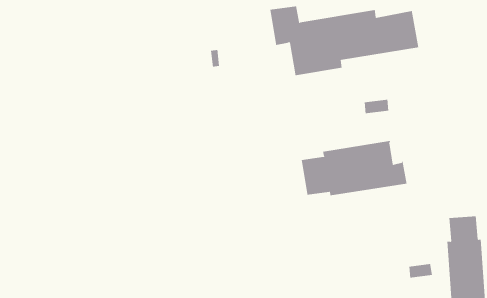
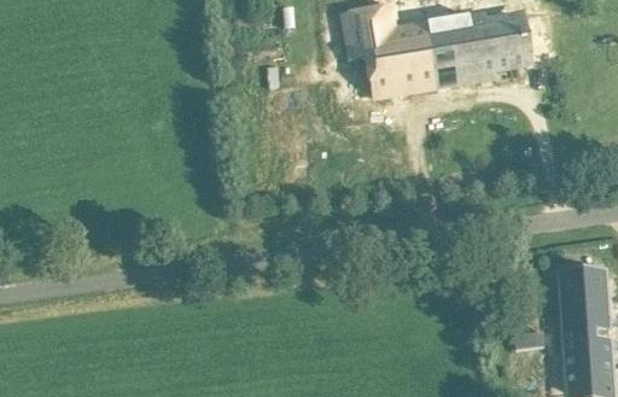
building: [301,140,407,196] -> none

